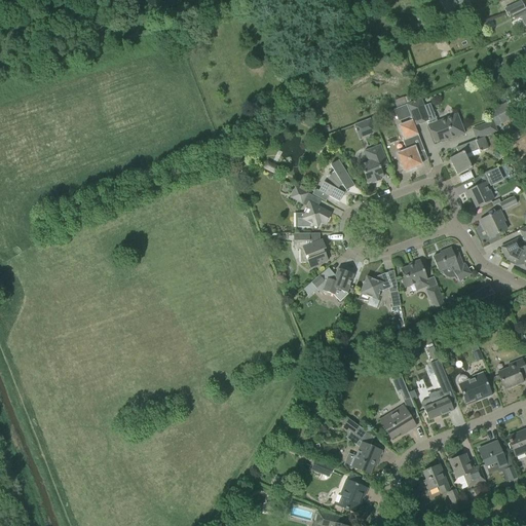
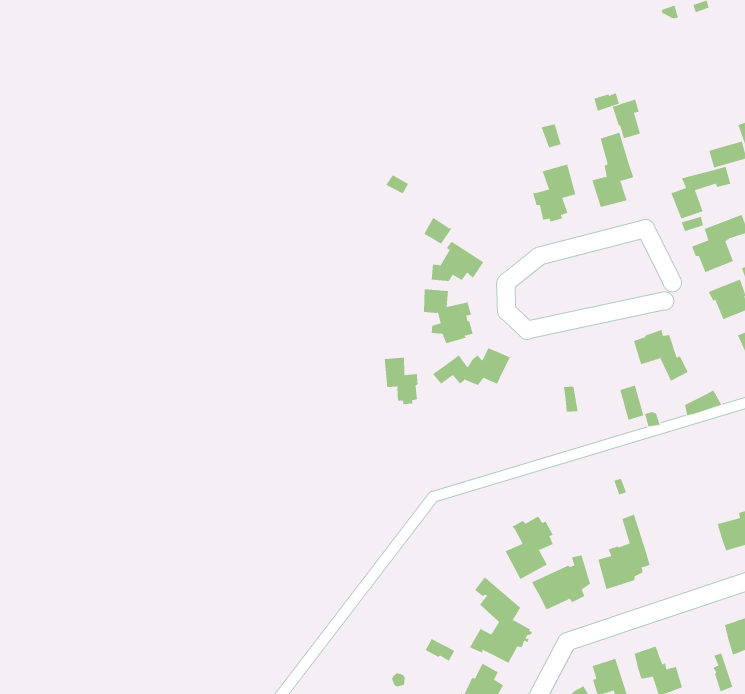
building: [427,115,464,141] -> none
building: [318,158,354,200] -> none
building: [401,258,428,287] -> none
building: [358,271,390,300] -> none
building: none -> [384,357,418,405]
building: [457,373,491,401] -> none
building: none -> [505,515,554,580]
building: [478,440,505,465] -> none

